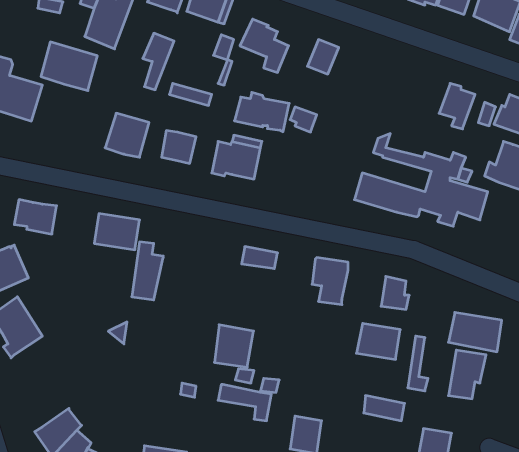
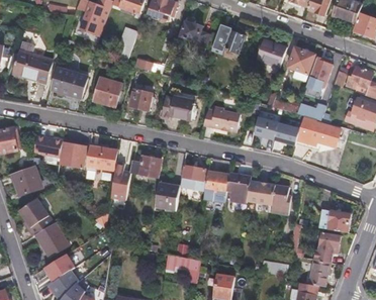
building: [41,42,97,91] -> [52,68,88,99]
building: none -> [256,39,286,69]
building: none -> [287,49,314,83]
building: [234,92,289,132] -> [204,107,240,132]
building: none -> [61,141,86,168]
building: none -> [136,155,160,176]
building: none -> [205,170,229,192]
building: [356,323,400,359] -> [247,180,275,203]
building: [214,325,254,367] -> [156,181,181,208]
building: none -> [35,221,69,256]
building: none -> [45,254,75,281]
building: none -> [309,260,331,286]

